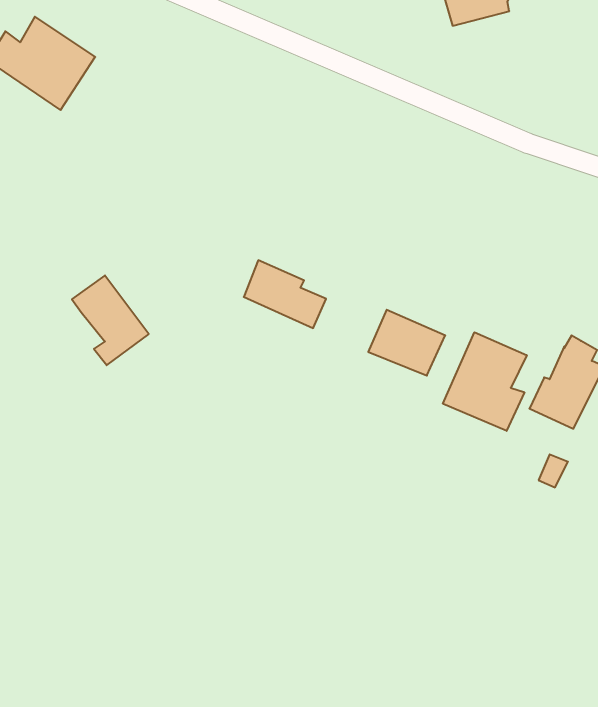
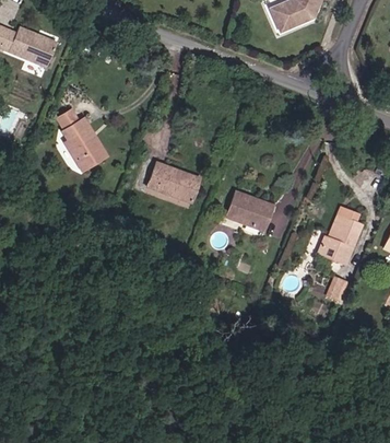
building: [72,275,149,365] -> [63,117,109,171]
building: [443,332,527,431] -> none

